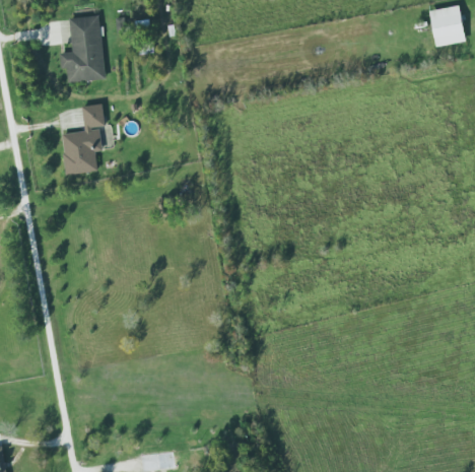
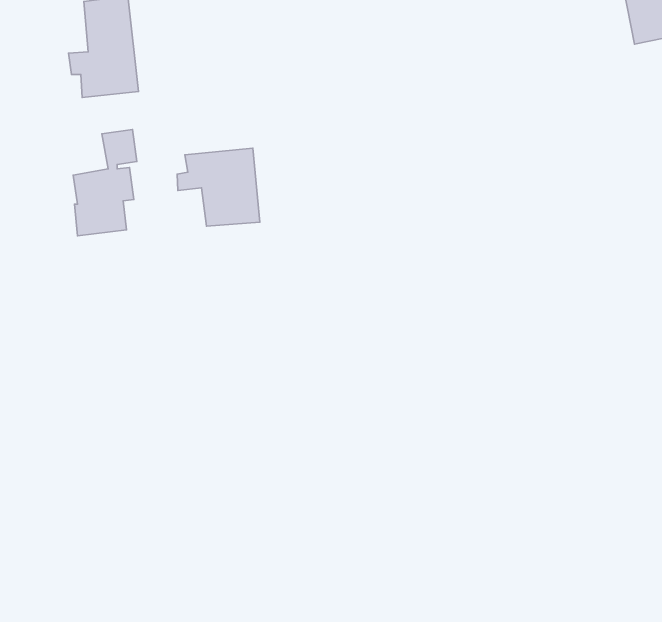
building: none -> [177,148,260,226]

